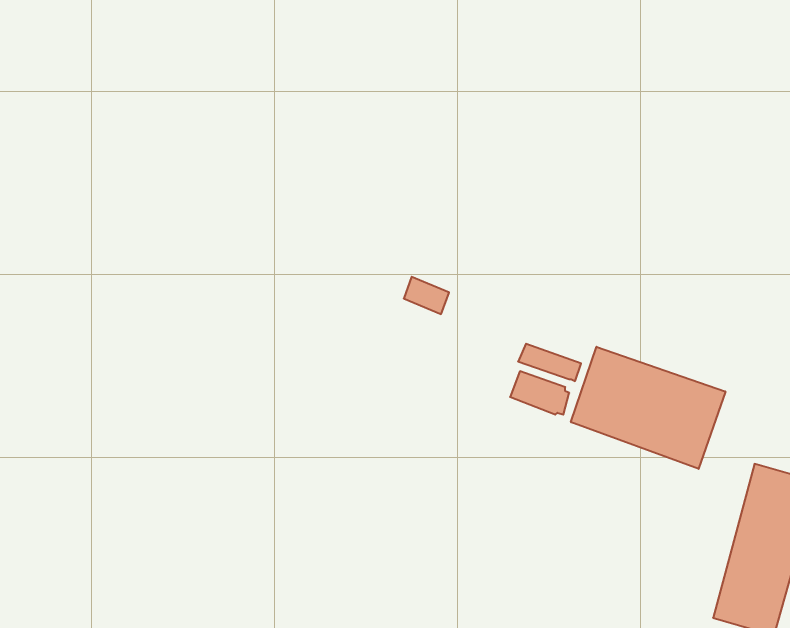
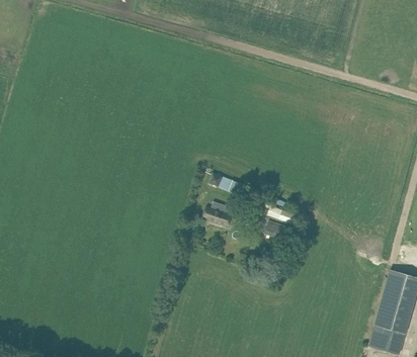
building: none -> [202,202,234,227]
building: [571,347,725,469] -> none

